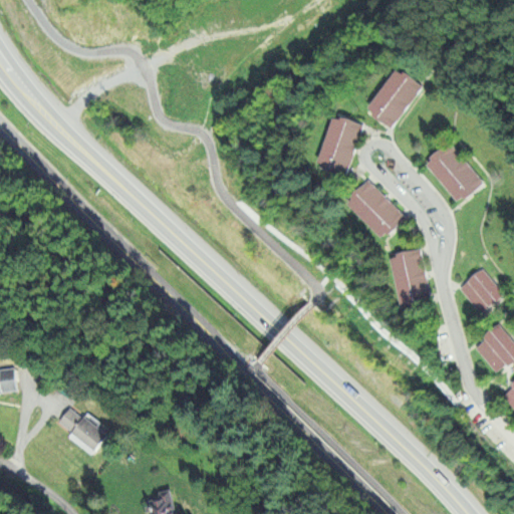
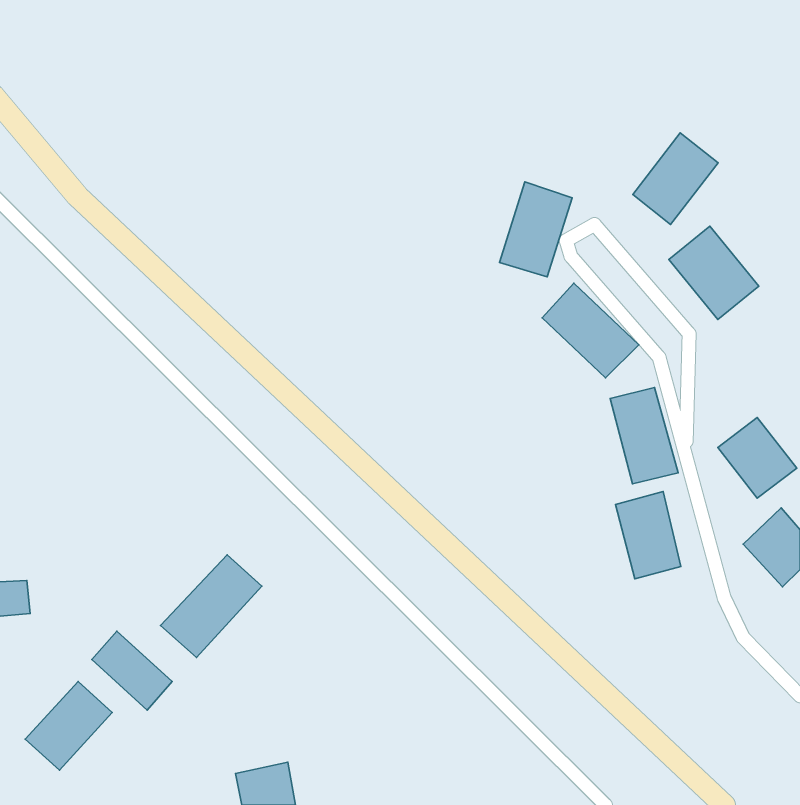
building: [364,69,419,127] -> [633,133,718,225]
building: none -> [615,491,681,579]
building: none -> [161,555,262,657]
building: none -> [25,681,112,770]

